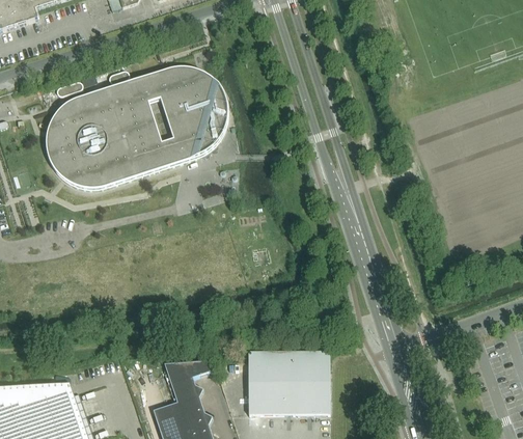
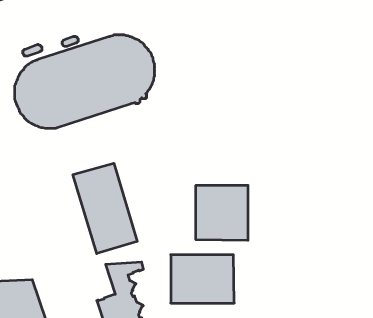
building: none -> [73,163,137,254]
building: none -> [196,185,248,240]

